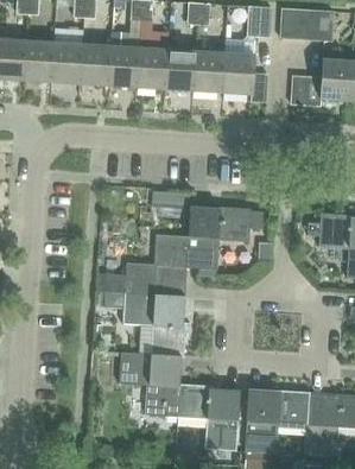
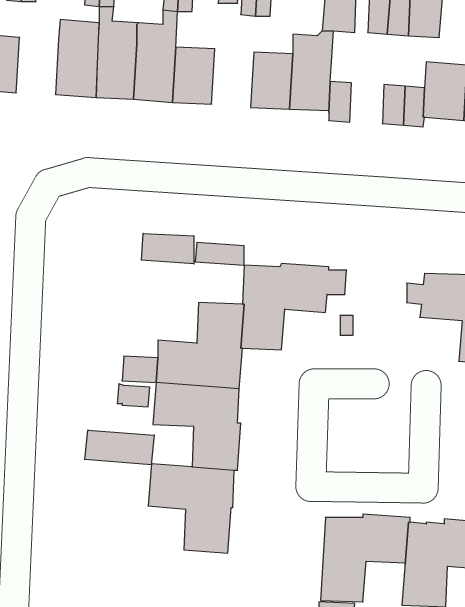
building: [23,40,53,82] -> none
building: [165,49,196,91] -> none
building: none -> [141,233,194,264]
building: none -> [85,430,154,465]
building: [177,382,240,450] -> none

